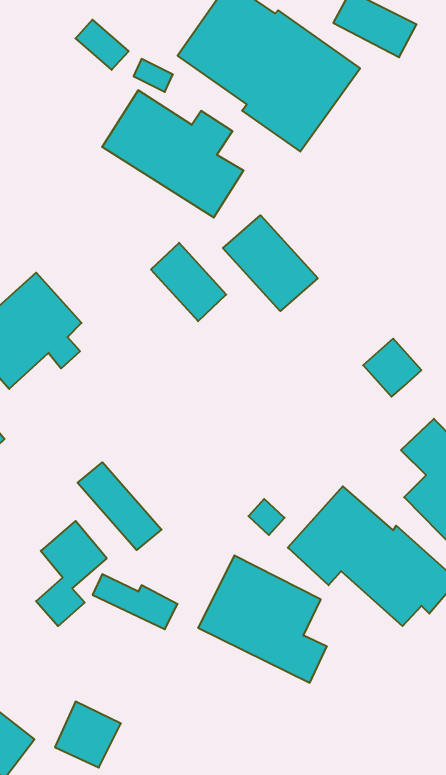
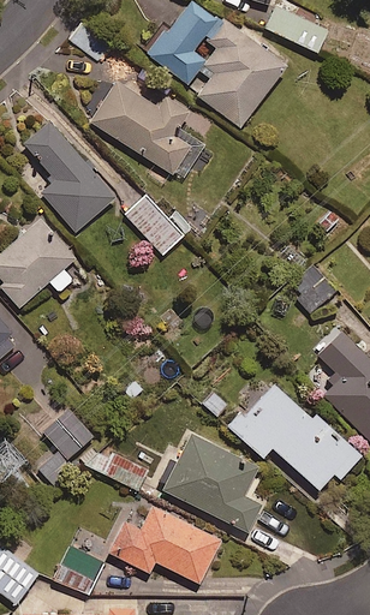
building: none -> [23,120,115,232]
building: [223,215,318,311] -> none
building: [78,462,162,550] -> none
building: none -> [108,506,220,583]

